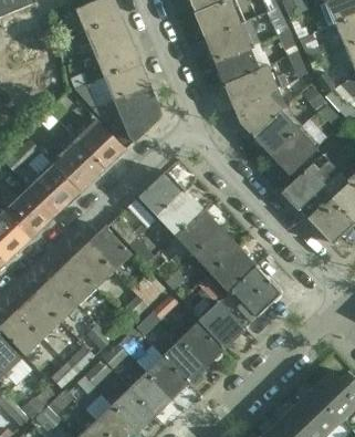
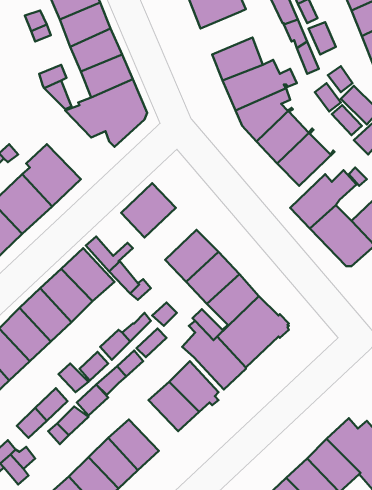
building: [206,24,250,61] -> none
building: [75,117,124,167] -> none
building: [158,191,202,236] -> none
building: [145,355,187,398] -> none

